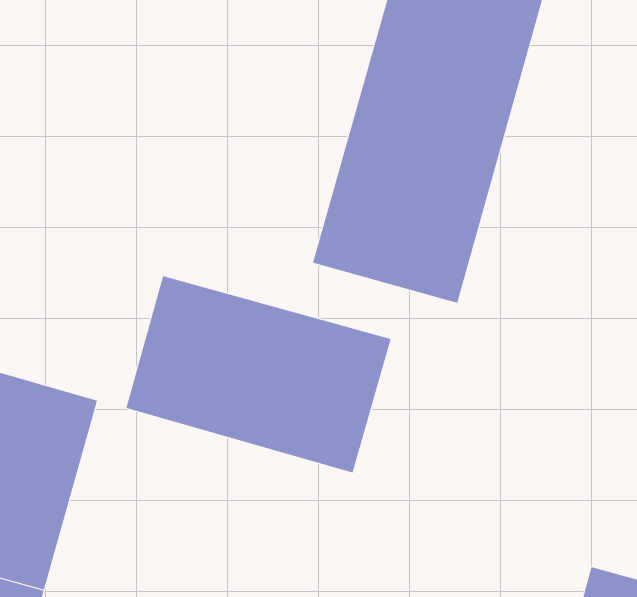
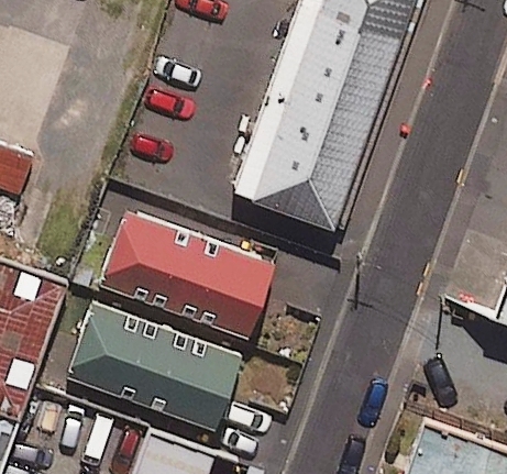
building: none -> [70,299,253,422]

